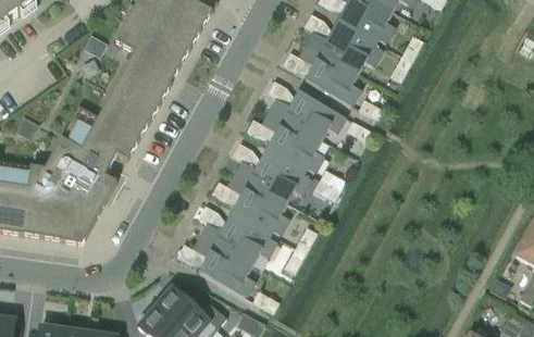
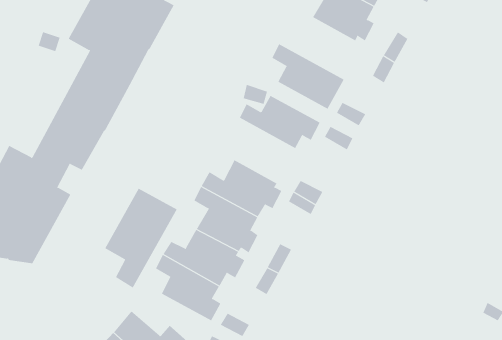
building: [306,21,381,77] -> none
building: [262,112,322,172] -> none
building: none -> [105,188,177,288]

